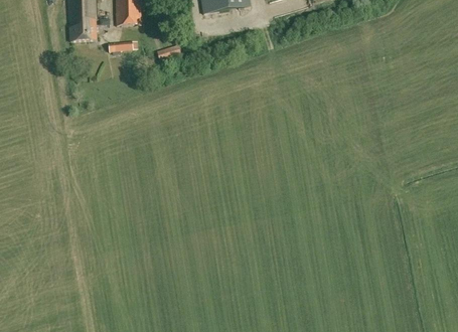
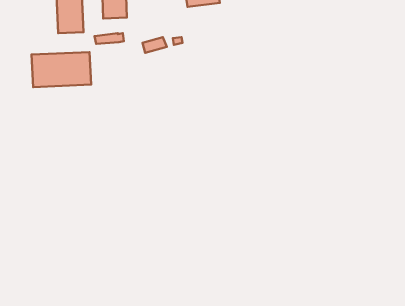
building: none -> [32,52,91,87]

